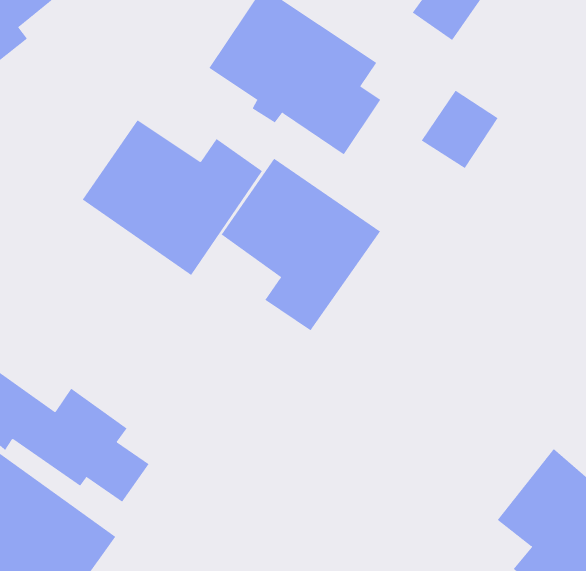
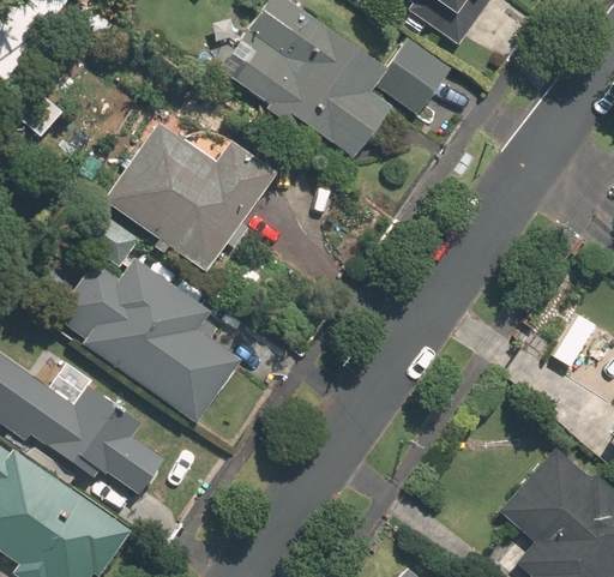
building: [421,90,498,169] -> [378,37,453,114]
building: [221,158,381,331] -> none
building: none -> [55,254,241,423]

